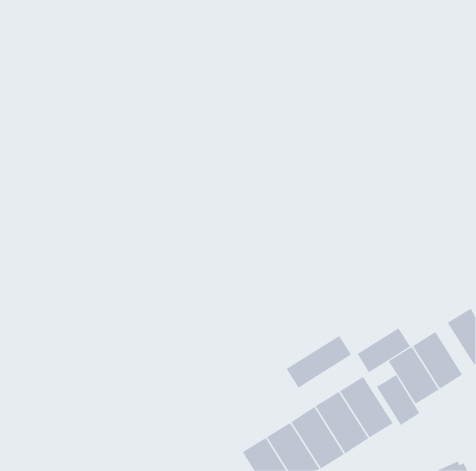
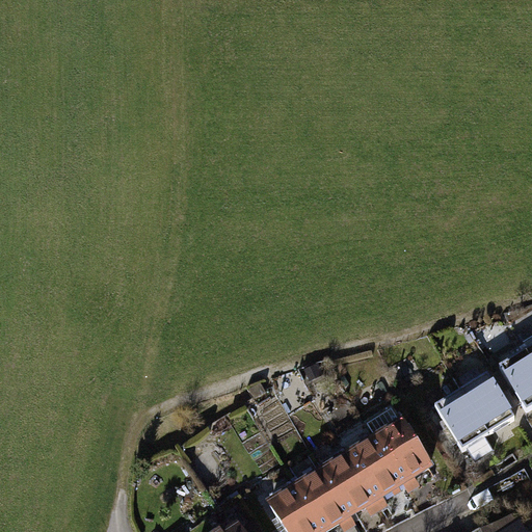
building: [357,328,411,373] -> none
building: [286,335,352,388] -> none
building: [376,374,420,426] -> none

